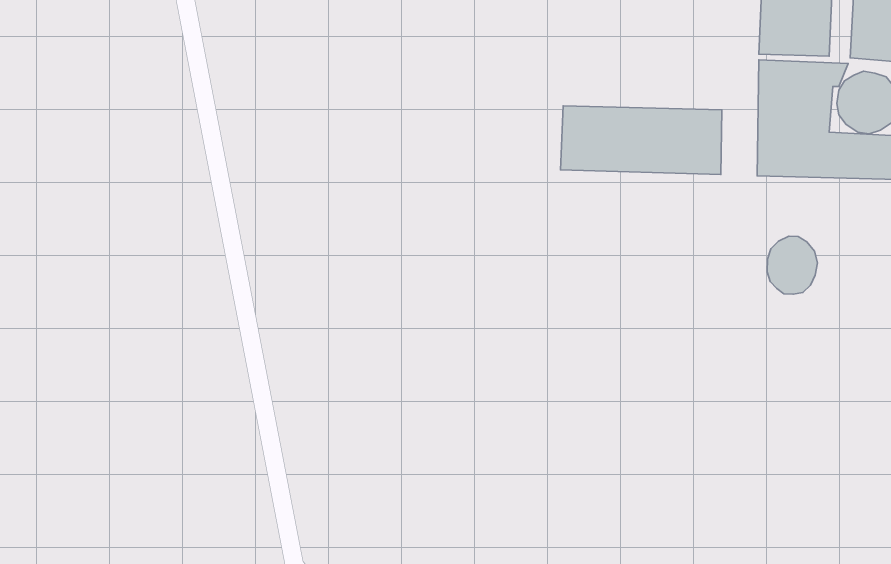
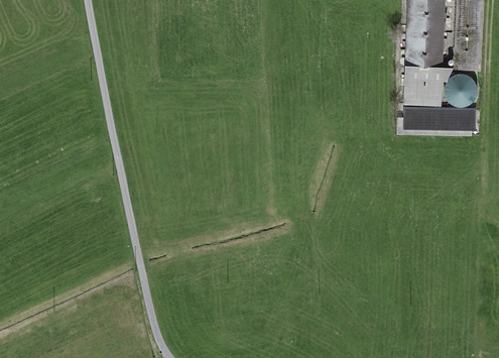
building: [561,106,722,174] -> none
building: [767,236,817,294] -> none

